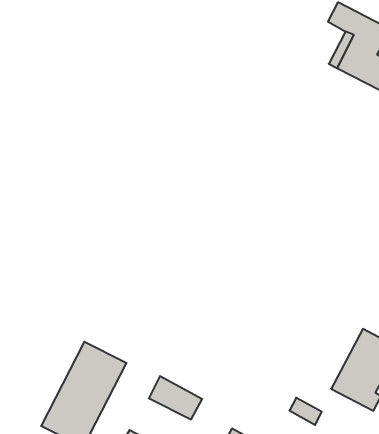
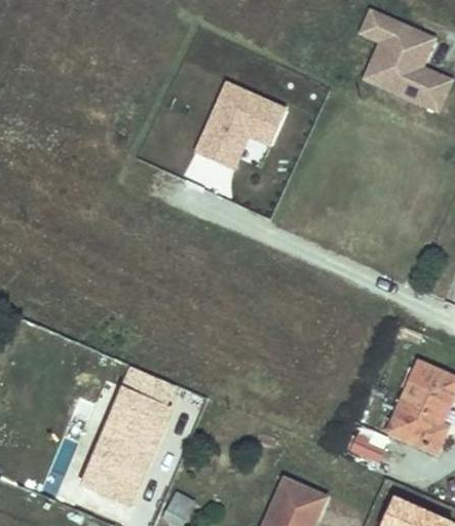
building: none -> [197,80,290,167]
building: [149,376,202,419] -> [120,371,178,415]

